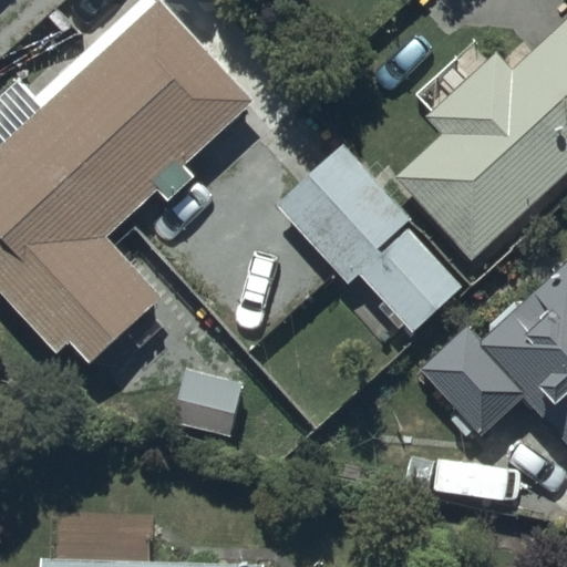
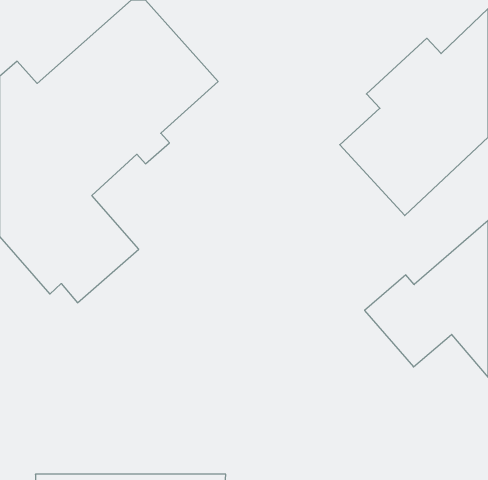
building: [286,155,461,334] -> none

